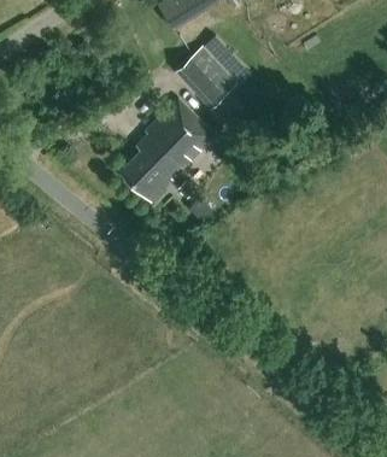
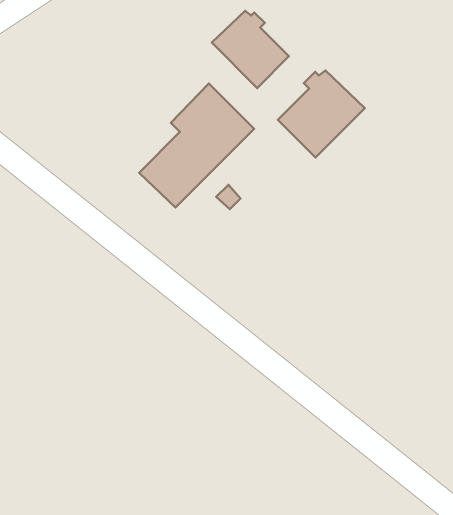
building: none -> [278,71,365,157]

